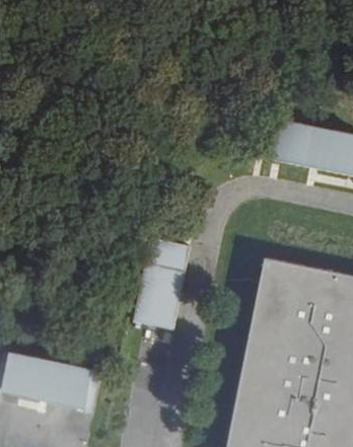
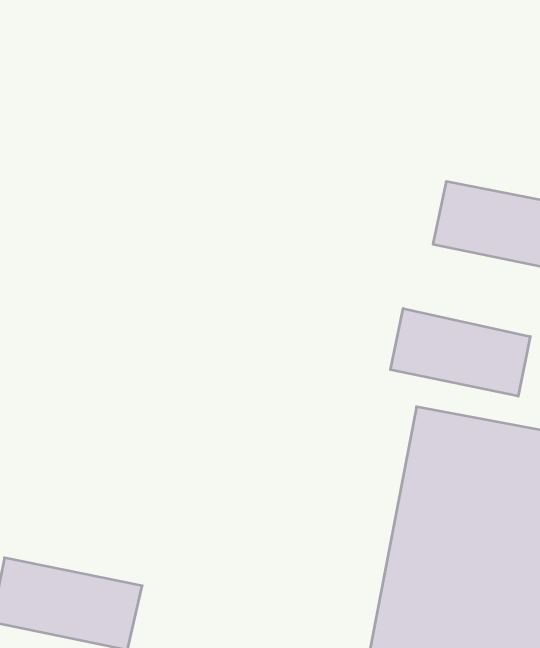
building: none -> [390,308,530,396]
building: [133,239,188,330] -> none

